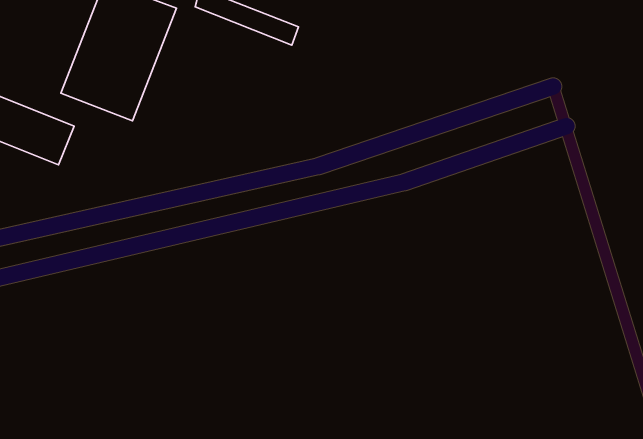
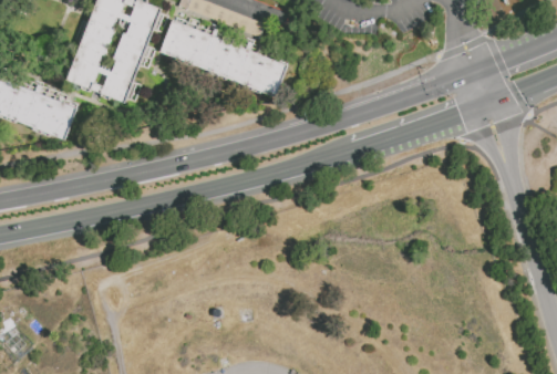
building: none -> [159,19,290,97]

